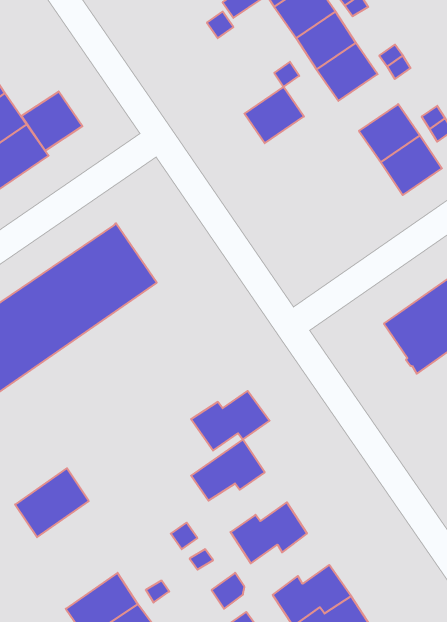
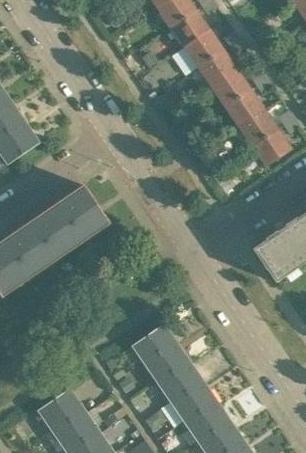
building: [244,87,304,143] -> [225,90,263,126]
building: [21,91,82,151] -> none
building: [191,391,270,451] -> [142,344,192,382]
building: [15,468,89,537] -> [37,387,84,431]
building: none -> [169,383,219,422]

